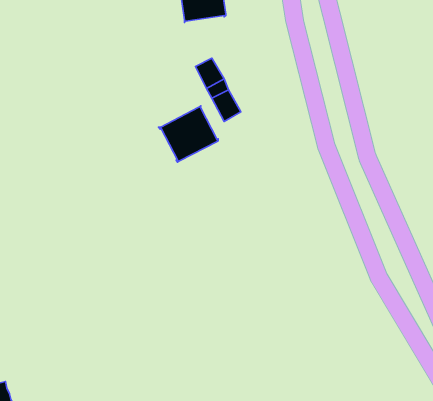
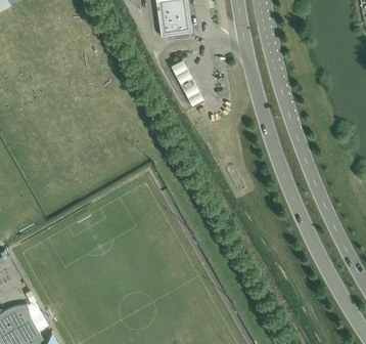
building: [159,106,218,162] -> none

